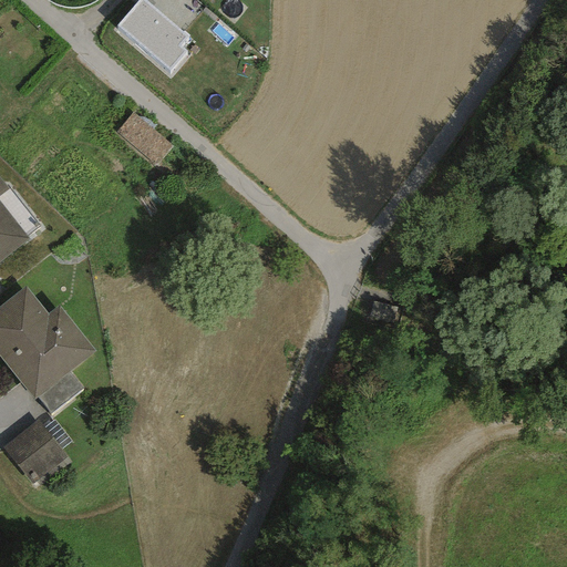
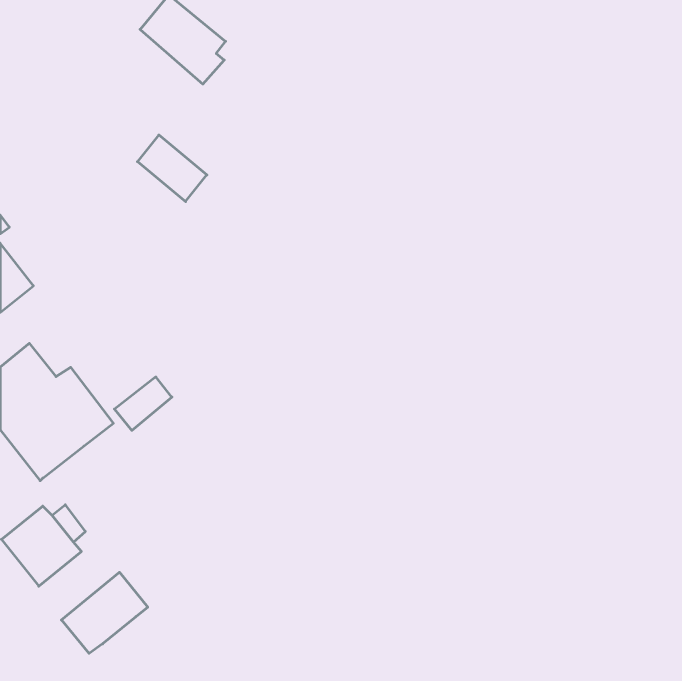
building: [35,370,83,414] -> [114,377,172,430]
building: none -> [61,572,148,653]

